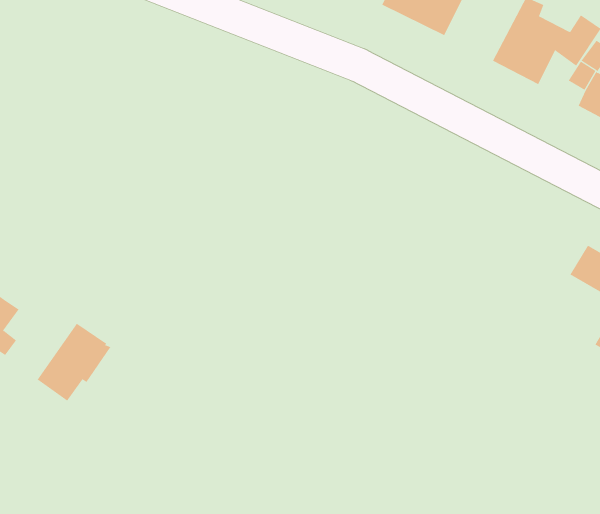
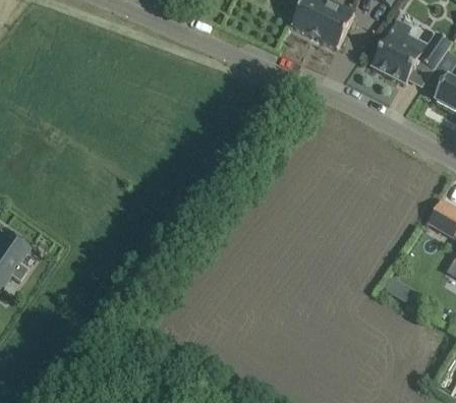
building: [37,323,111,401] -> none

